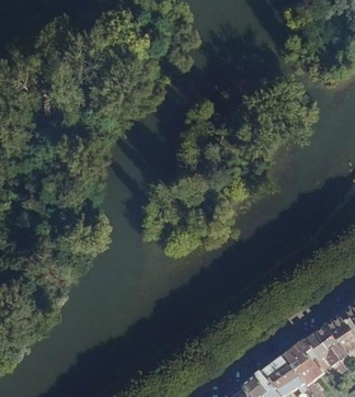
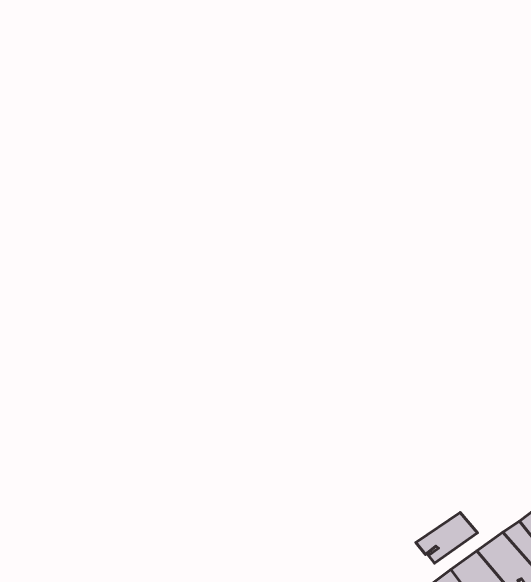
building: none -> [416,512,478,563]

